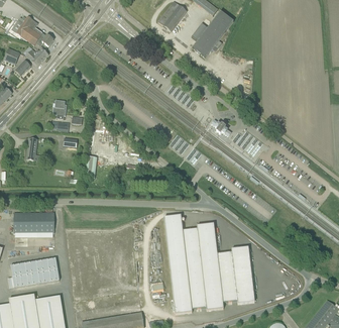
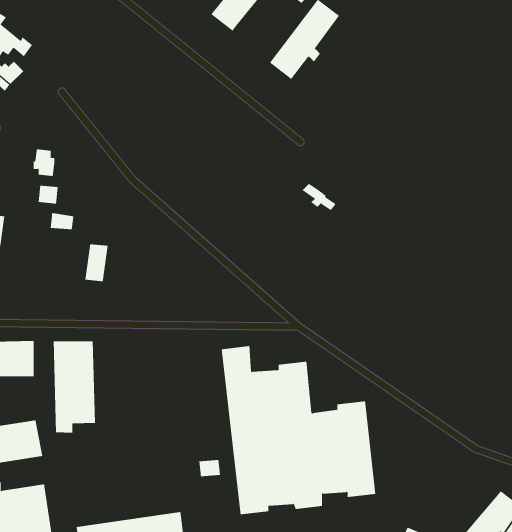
building: none -> [53,340,96,433]

